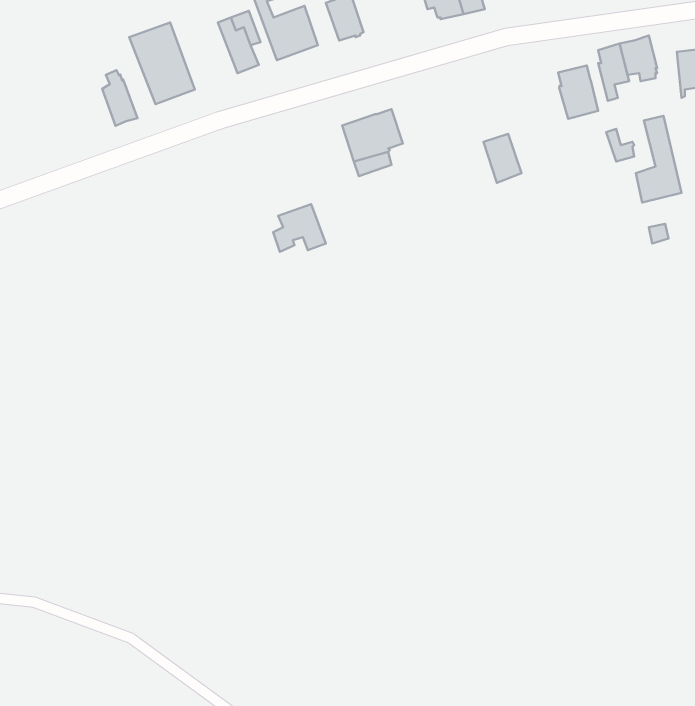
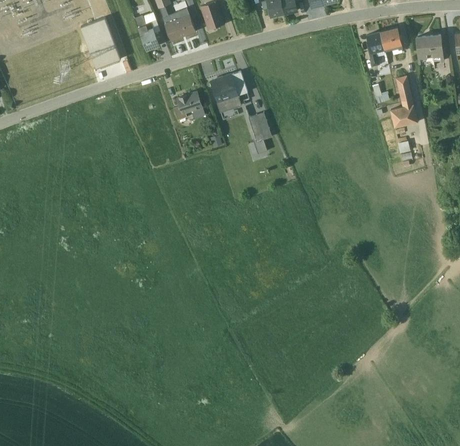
building: [558,66,598,119] -> none
building: [102,70,138,126] -> none
building: [484,134,521,183] -> [249,112,272,142]
building: [273,204,326,252] -> [174,91,206,120]

